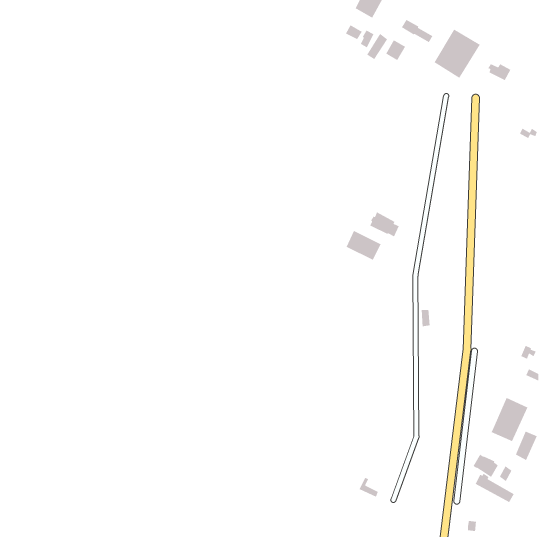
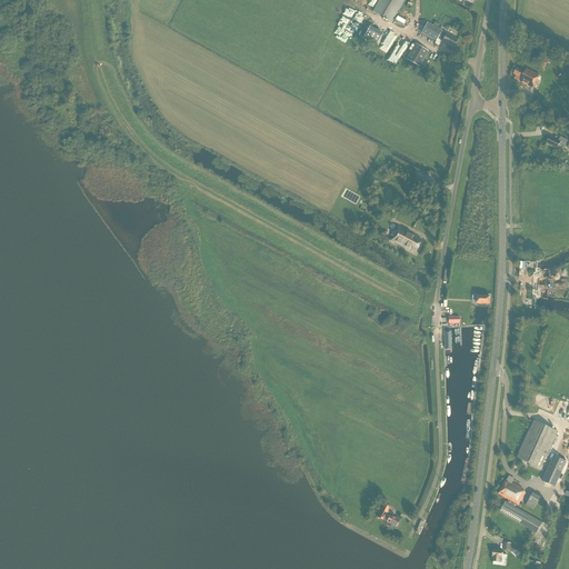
building: [433,29,481,79] -> none
building: [345,230,382,261] -> none

